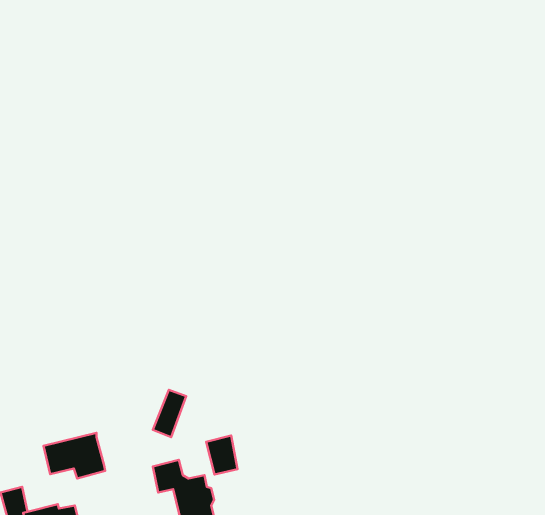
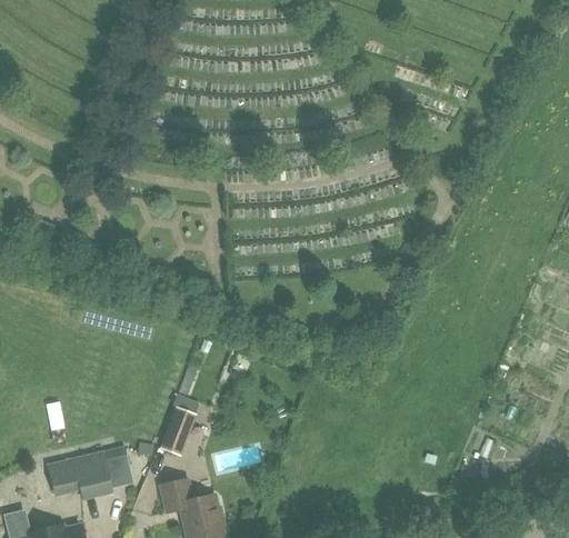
building: none -> [102,450,132,485]
building: [206,436,238,475] -> none

